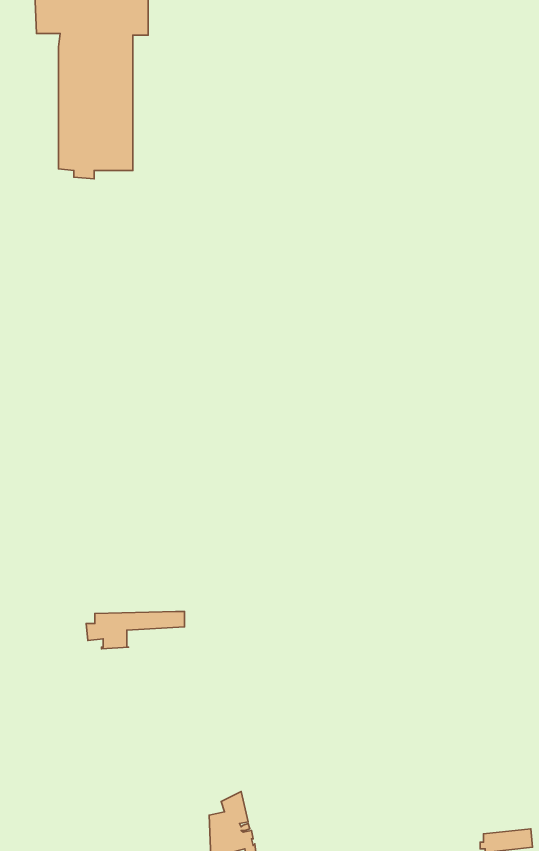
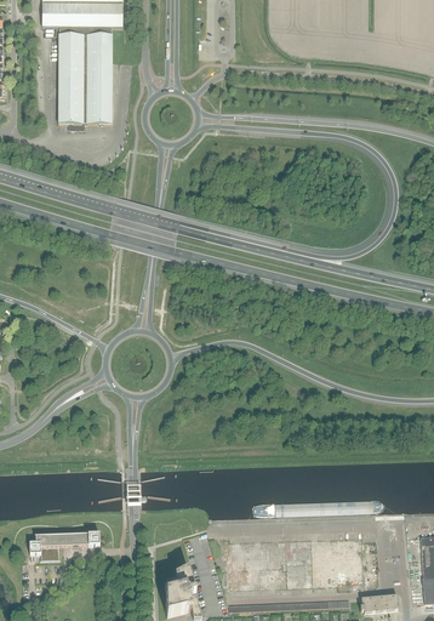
building: [86,612,184,649] -> [29,532,99,559]

